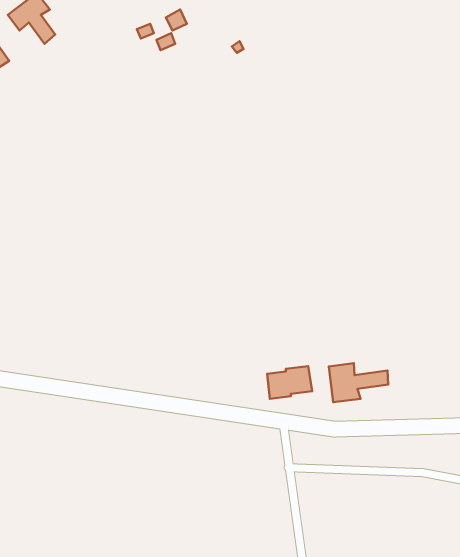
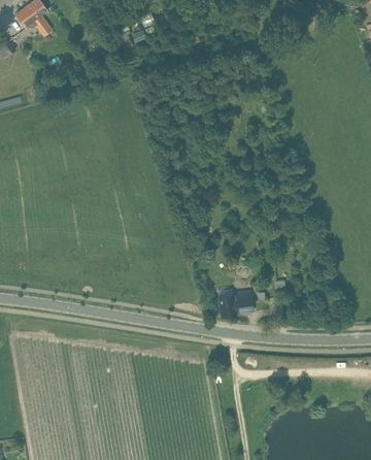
building: [329,363,388,402] -> none

